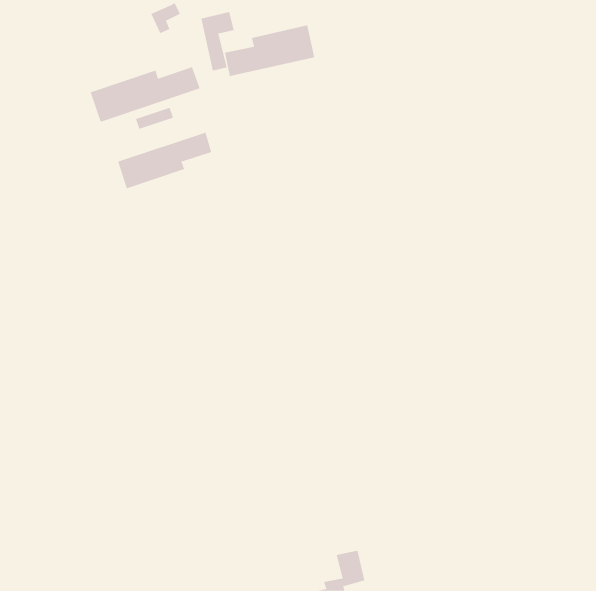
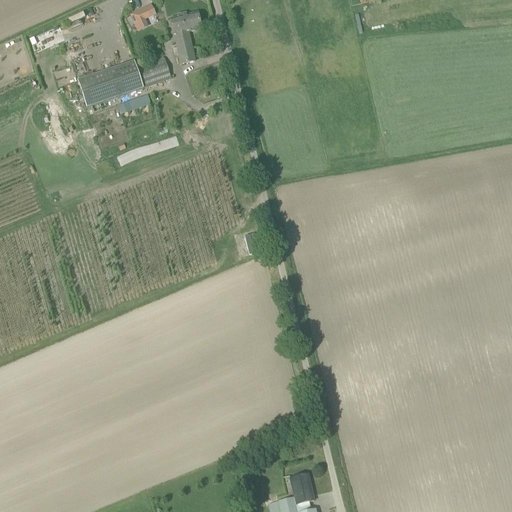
building: [225,25,315,77] -> none
building: [117,132,212,189] -> none

